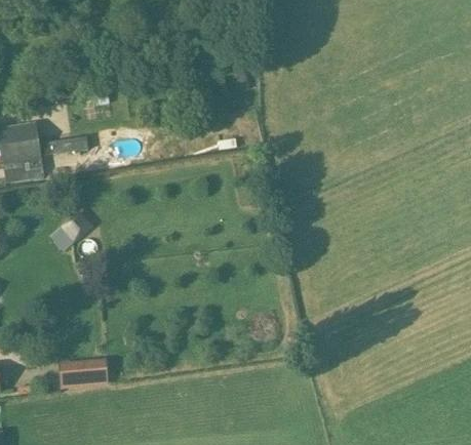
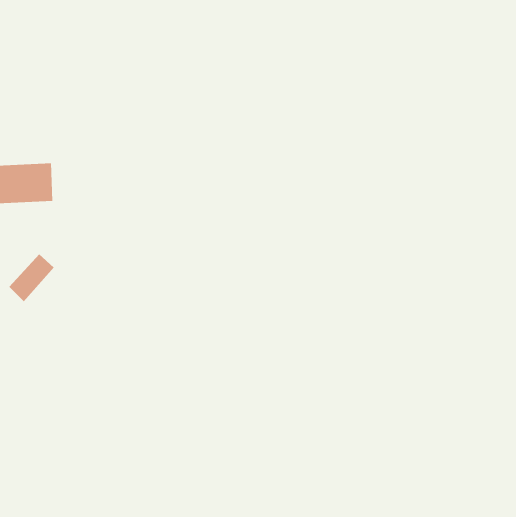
building: [60,362,108,389] -> none

